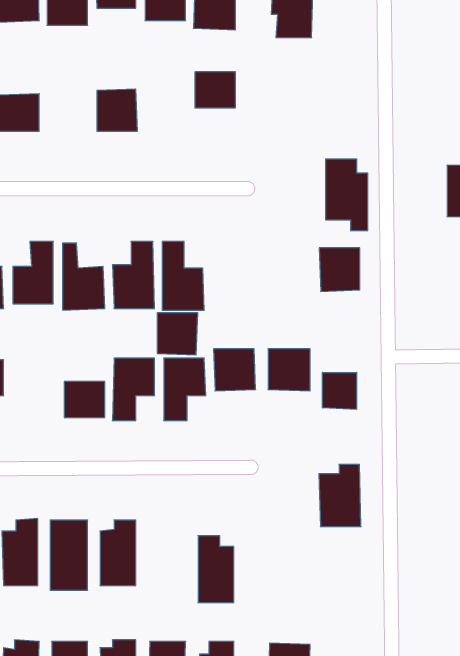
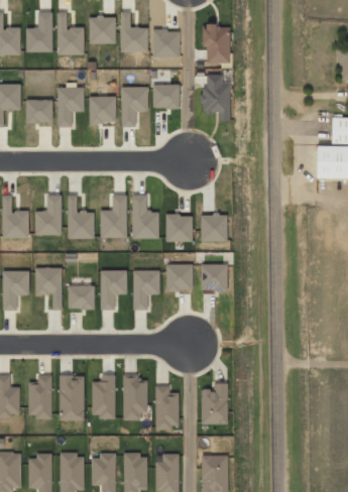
building: none -> [57,87,84,127]
building: none -> [121,87,148,127]
building: [326,159,368,231] -> [203,74,230,120]
building: [319,248,360,291] -> [201,214,227,242]
building: [157,313,198,355] -> [166,215,193,242]
building: none -> [35,267,63,310]
building: [323,372,357,409] -> none
building: [319,464,361,527] -> [201,383,228,423]
building: none -> [123,375,146,420]

